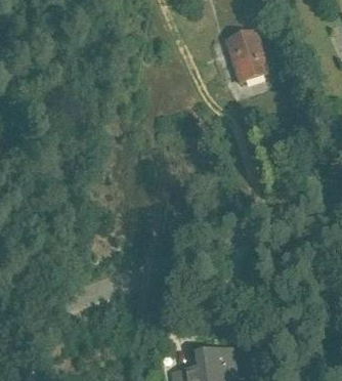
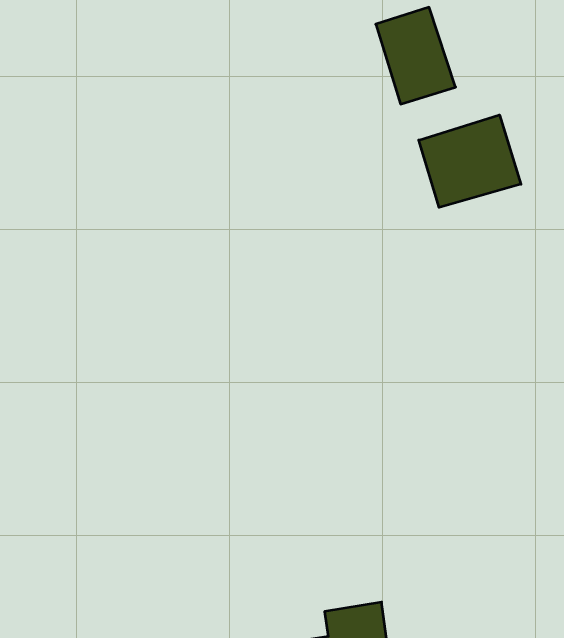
building: none -> [419,115,521,207]

